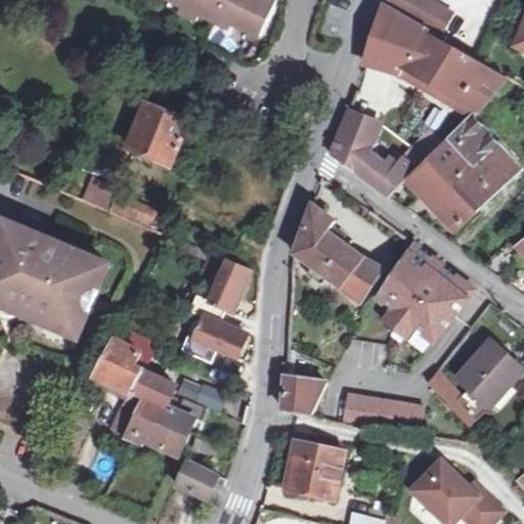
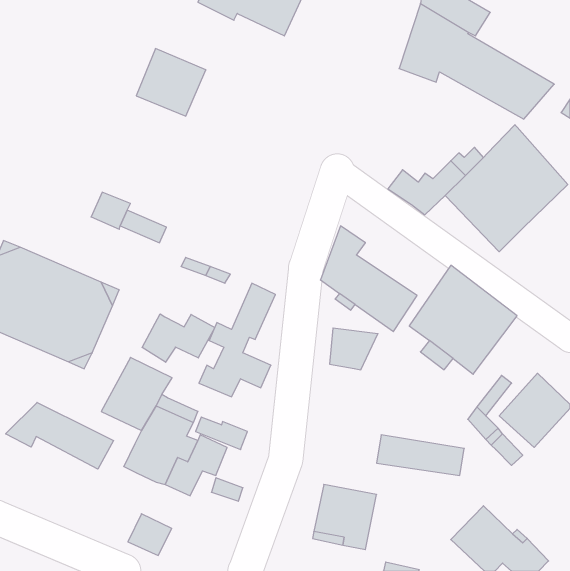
building: [125,101,188,163] -> [136,49,206,116]
building: [328,111,378,172] -> none
building: none -> [142,314,215,362]
building: none -> [6,402,114,469]
building: [280,377,324,414] -> [330,328,378,370]
building: [174,458,214,496] -> [128,514,172,555]

